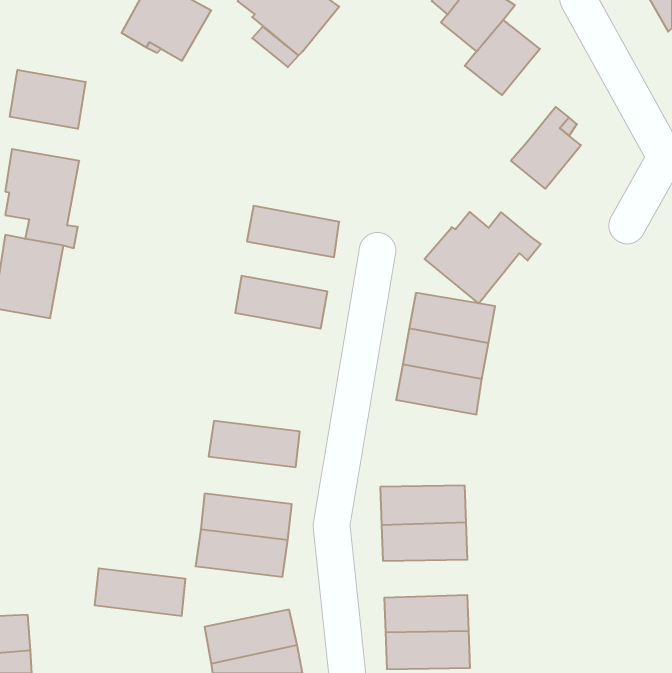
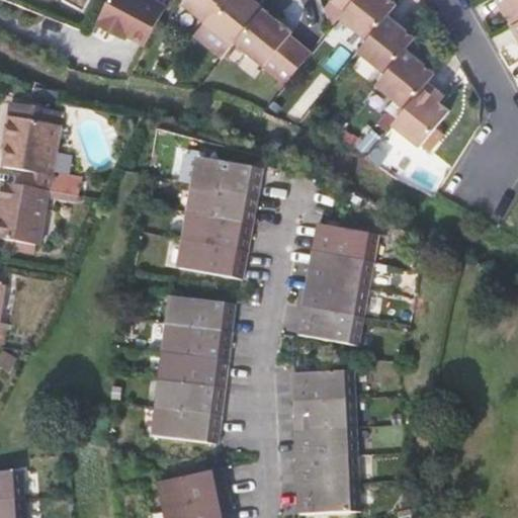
building: none -> [232,5,310,78]
building: none -> [374,50,433,109]
building: [10,70,86,129] -> none
building: [425,212,541,303] -> none
building: none -> [185,185,256,224]
building: none -> [175,240,246,279]
building: none -> [164,295,234,331]
building: none -> [298,307,365,346]
building: none -> [293,429,358,458]
building: [95,568,186,616] -> [157,350,227,386]

